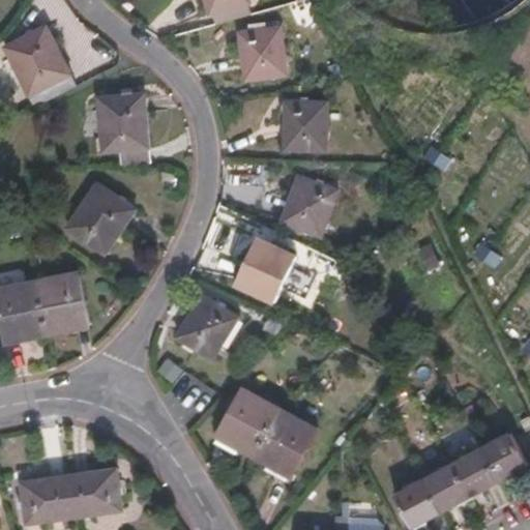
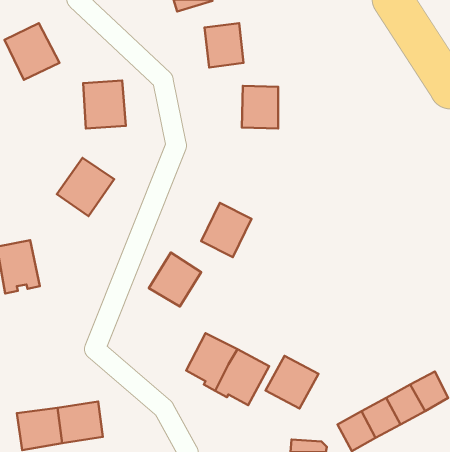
building: [279,176,335,235] -> none
building: [35,273,85,334] -> none
building: none -> [266,356,319,409]

